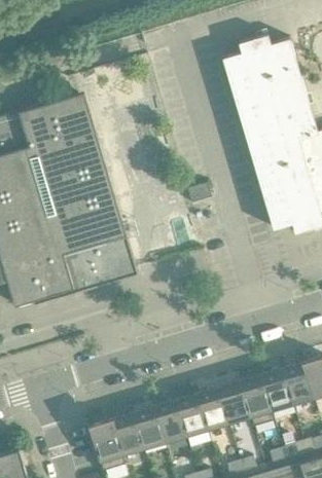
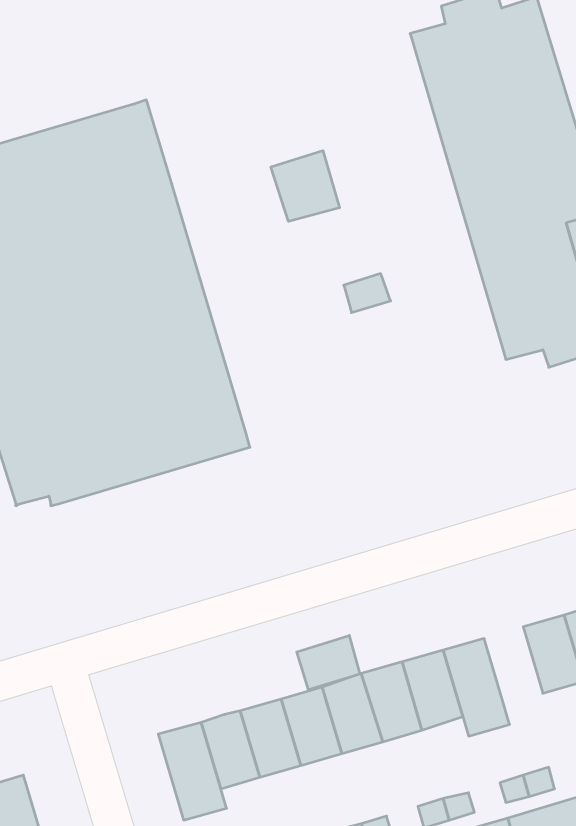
building: none -> [271,151,340,221]
building: [261,370,292,411] -> none
building: none -> [297,635,360,690]

